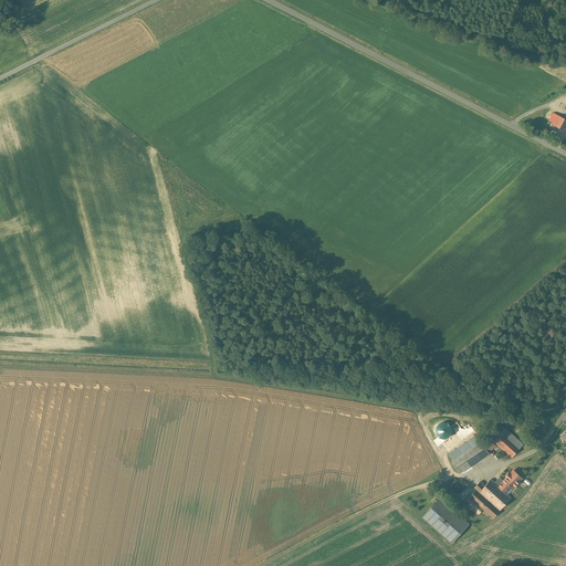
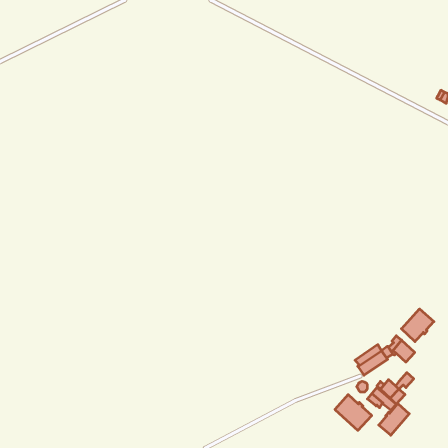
building: none -> [401,309,434,342]
building: none -> [379,403,409,435]

